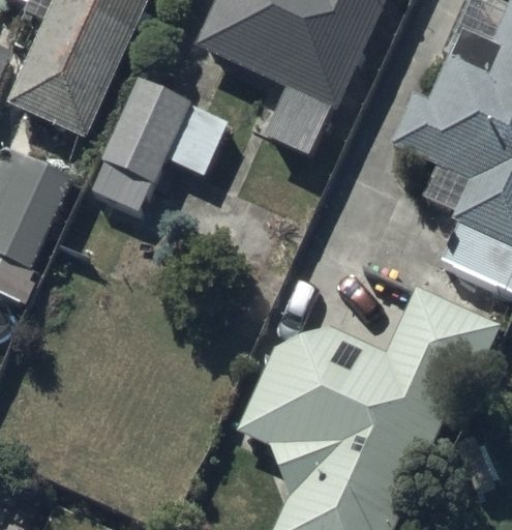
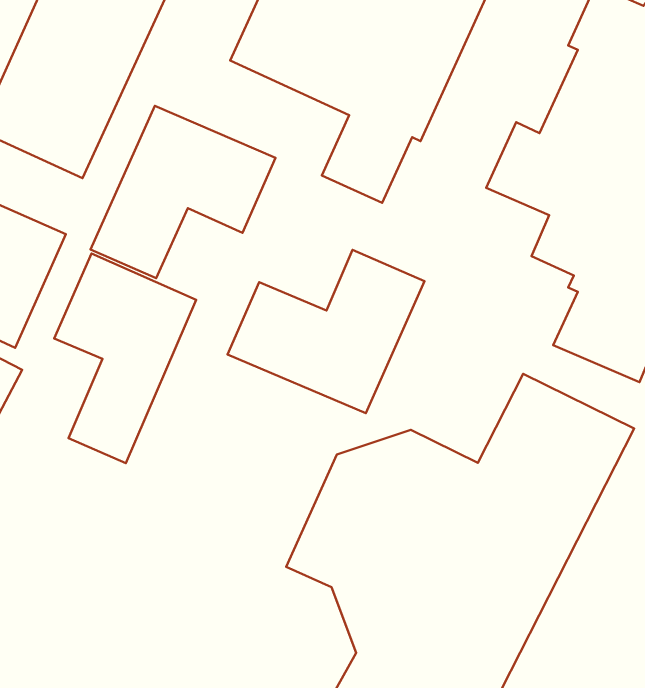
building: none -> [228,250,424,413]
building: none -> [54,253,196,463]

